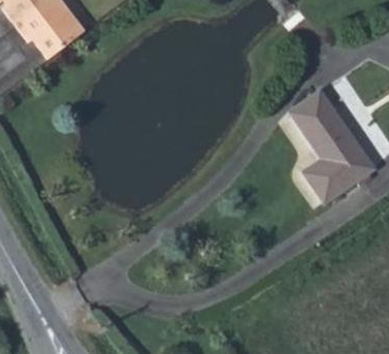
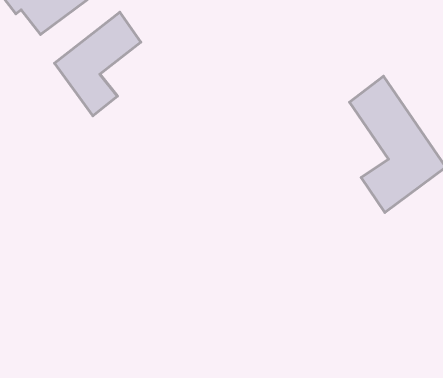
building: none -> [54,12,141,116]

